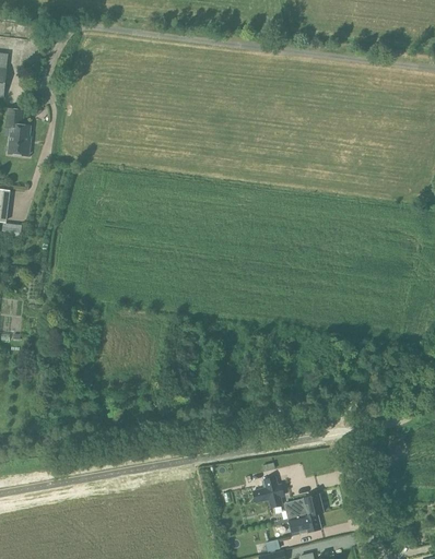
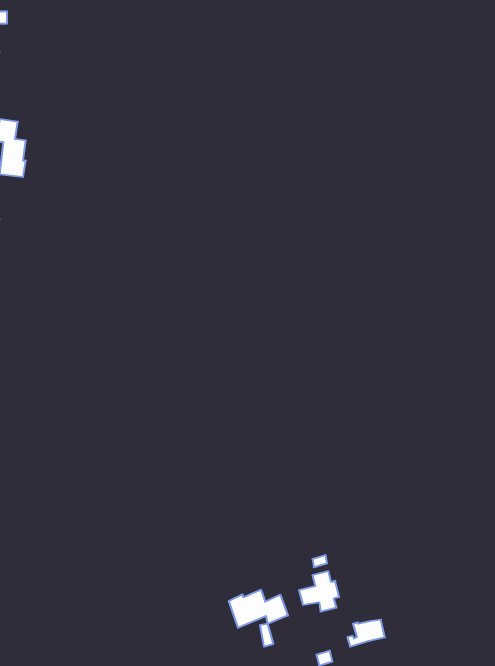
building: none -> [229,590,288,628]
building: [285,493,322,528] -> none

